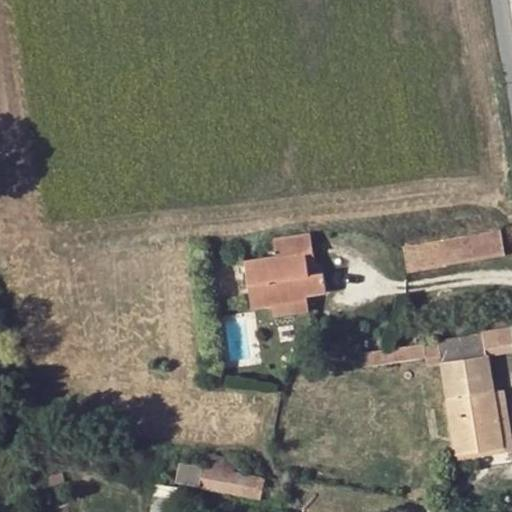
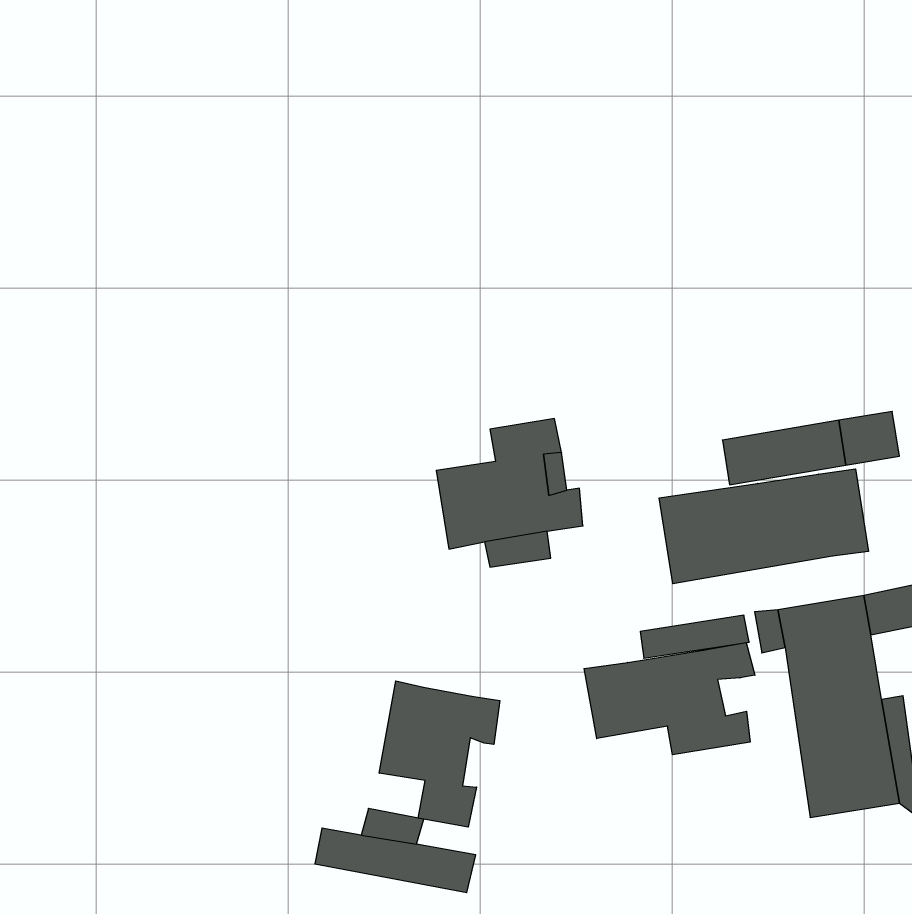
building: none -> [659,469,868,584]
building: none -> [584,643,755,755]
building: none -> [379,681,500,827]

